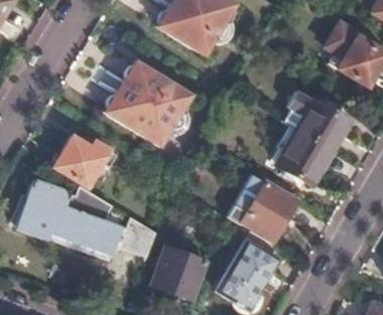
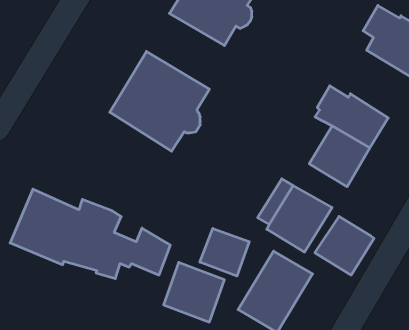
building: [53,135,110,186] -> none
building: none -> [315,216,374,275]
building: none -> [200,228,249,276]

